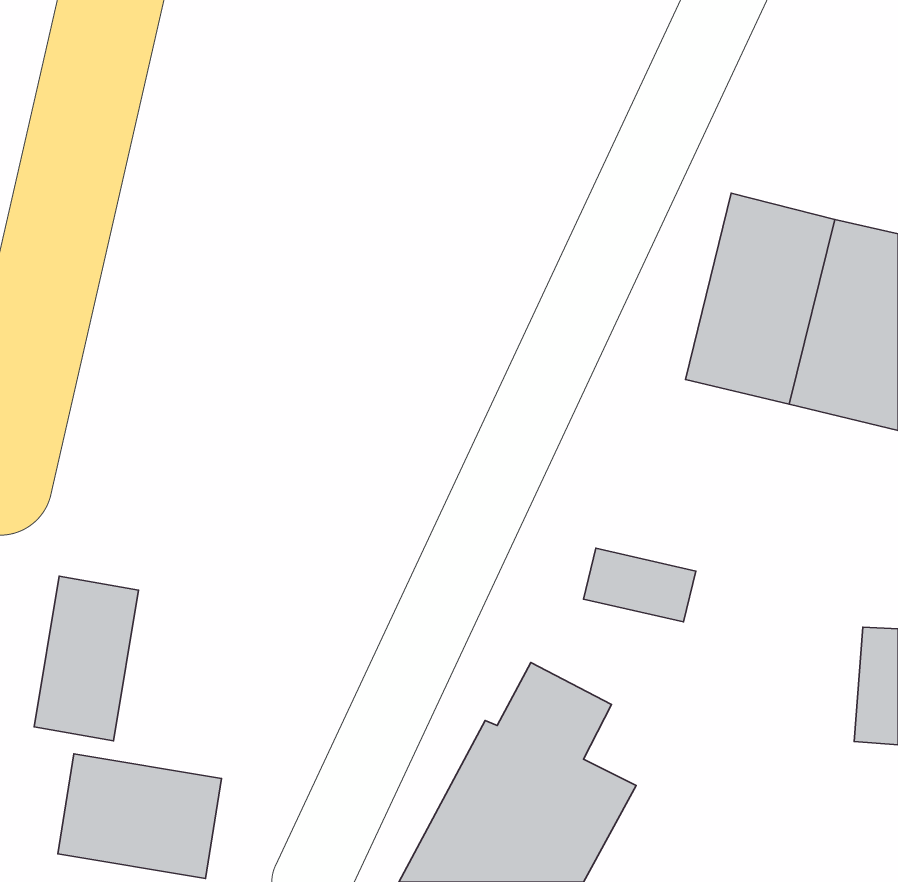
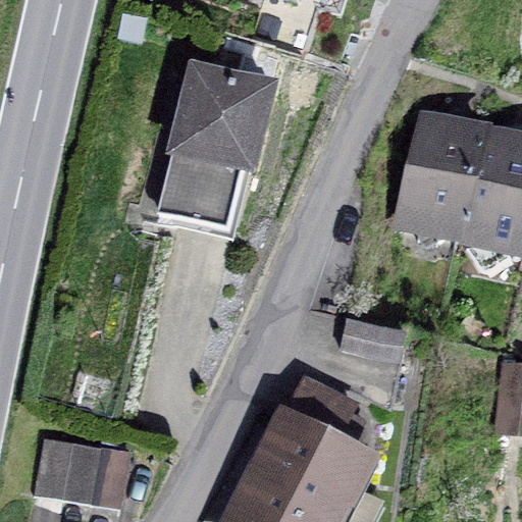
building: none -> [160,71,274,227]
building: [34,576,139,741] -> none

